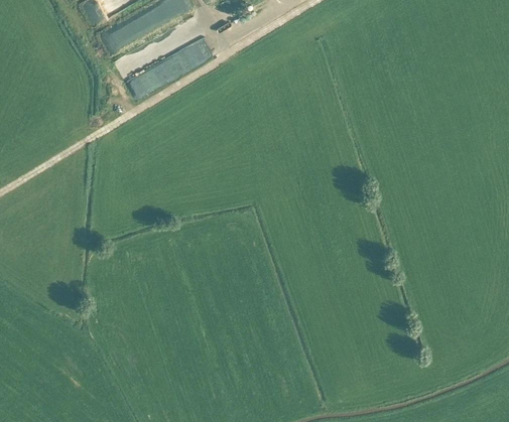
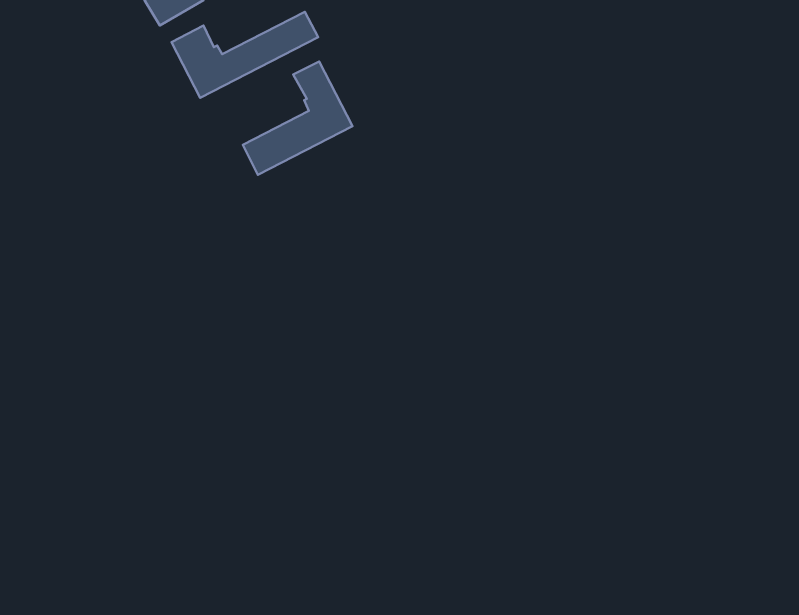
building: none -> [243,61,352,175]

